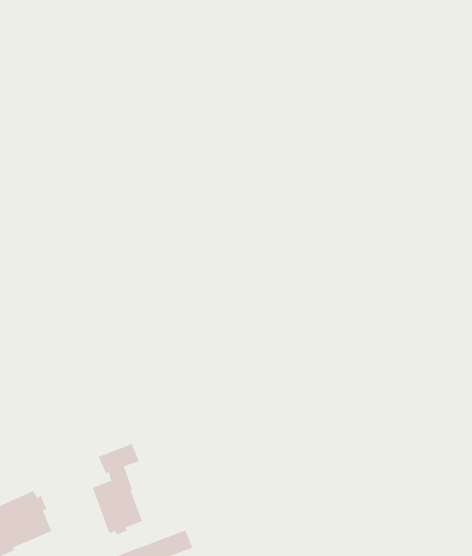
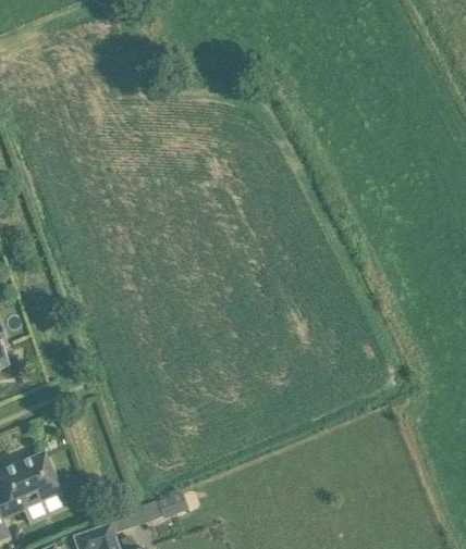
building: [92,443,143,535] -> none

